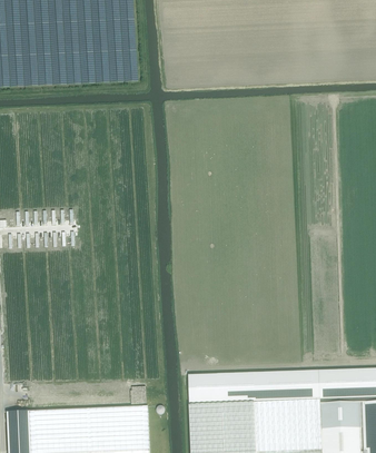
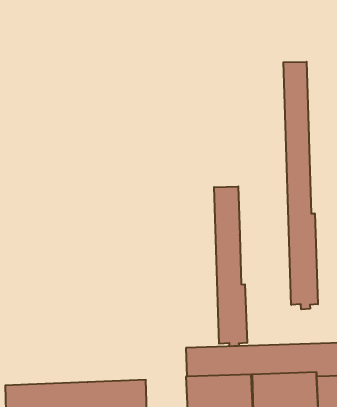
building: none -> [283,62,318,309]
building: none -> [214,186,247,346]

